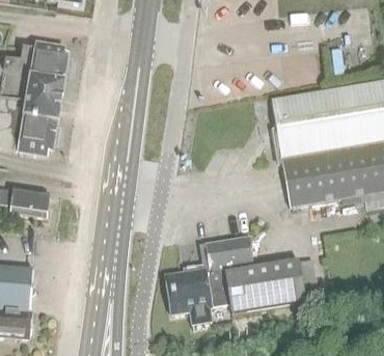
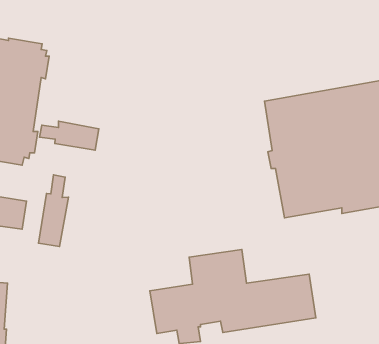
building: none -> [40,121,99,150]
building: none -> [38,175,68,247]

